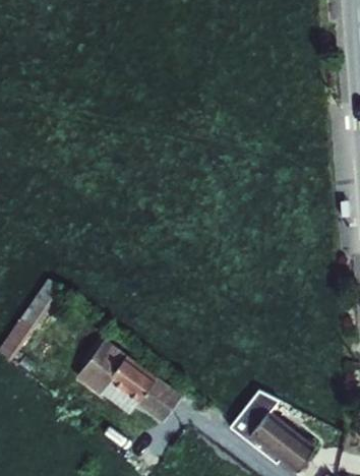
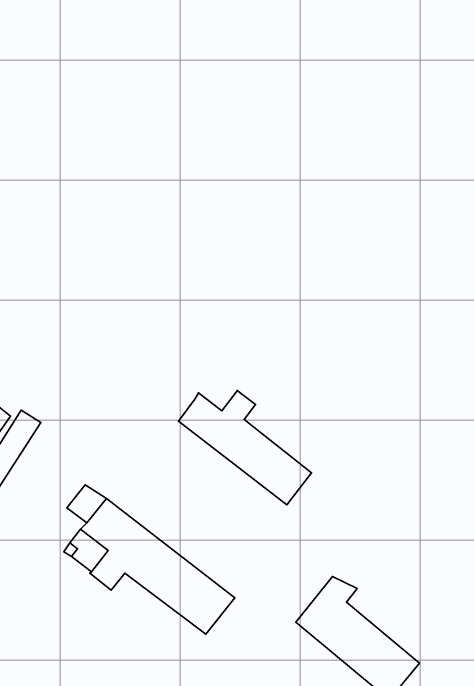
building: none -> [179,391,311,505]

